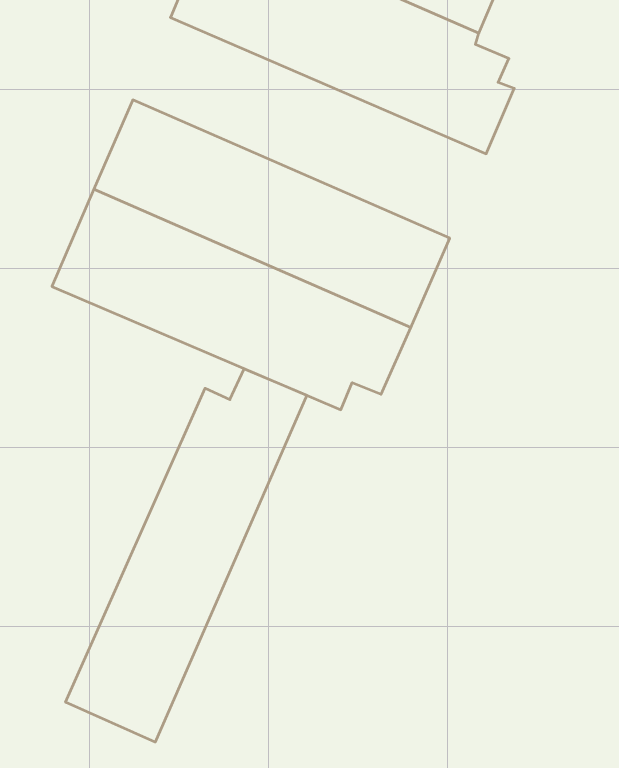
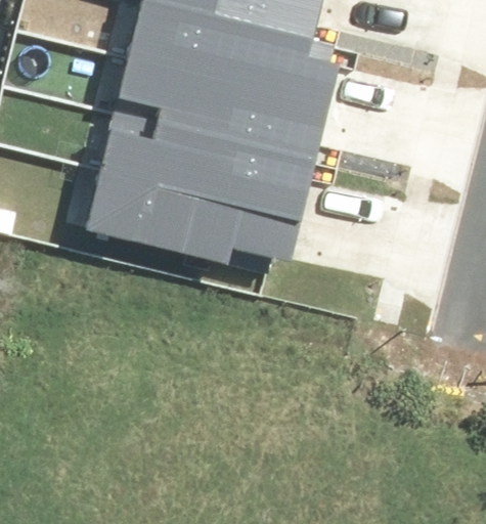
building: none -> [112,55,328,160]
building: [66,369,307,742] -> none

